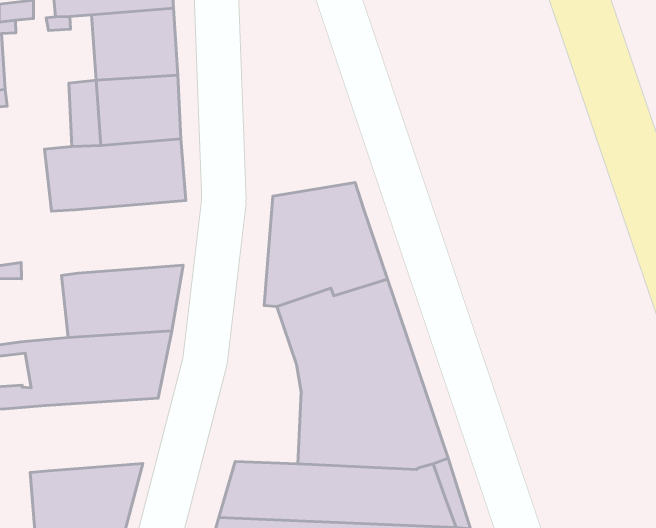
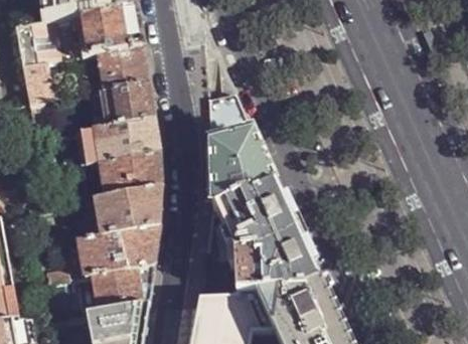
building: none -> [205,88,252,143]
building: none -> [97,150,160,196]
building: none -> [91,262,153,308]

